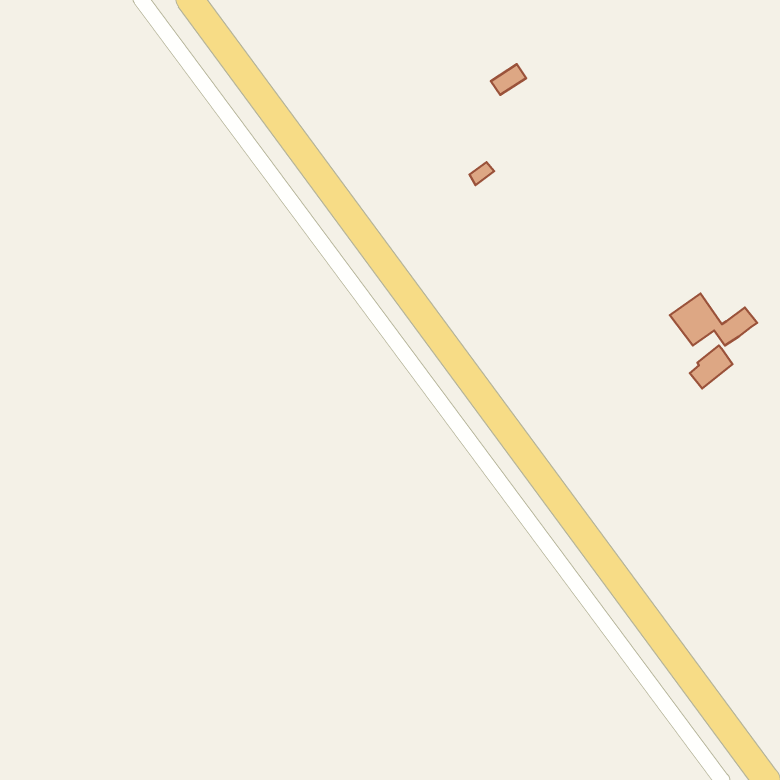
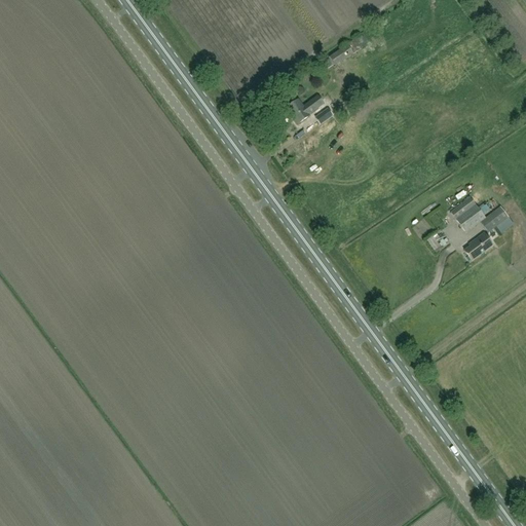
building: none -> [287,96,324,123]

